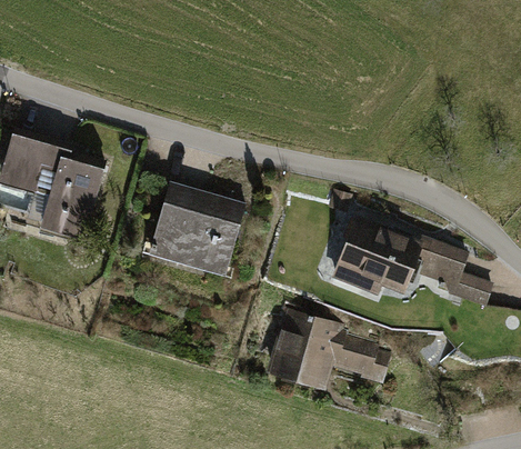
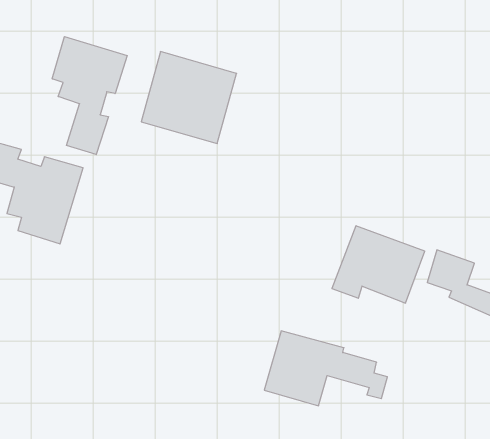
building: none -> [52,37,127,155]
building: [151,186,239,270] -> [141,52,237,144]

